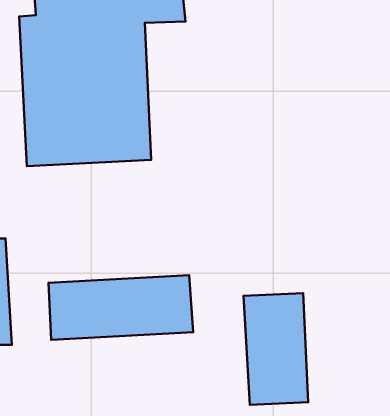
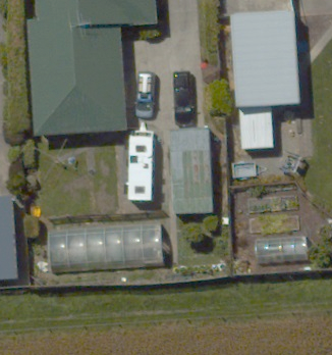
building: none -> [231,10,298,147]
building: [243,293,308,405] -> [166,121,218,211]

